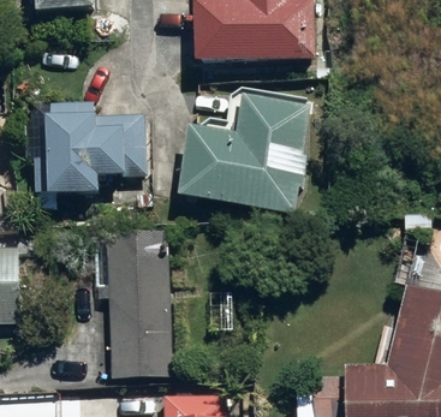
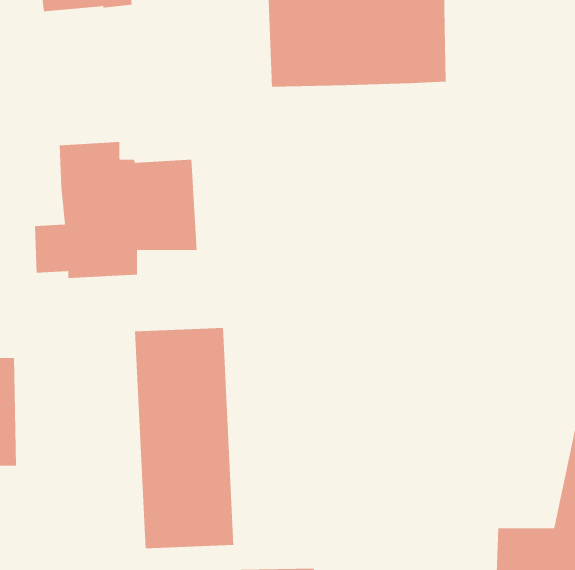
building: [181,93,310,213] -> none

